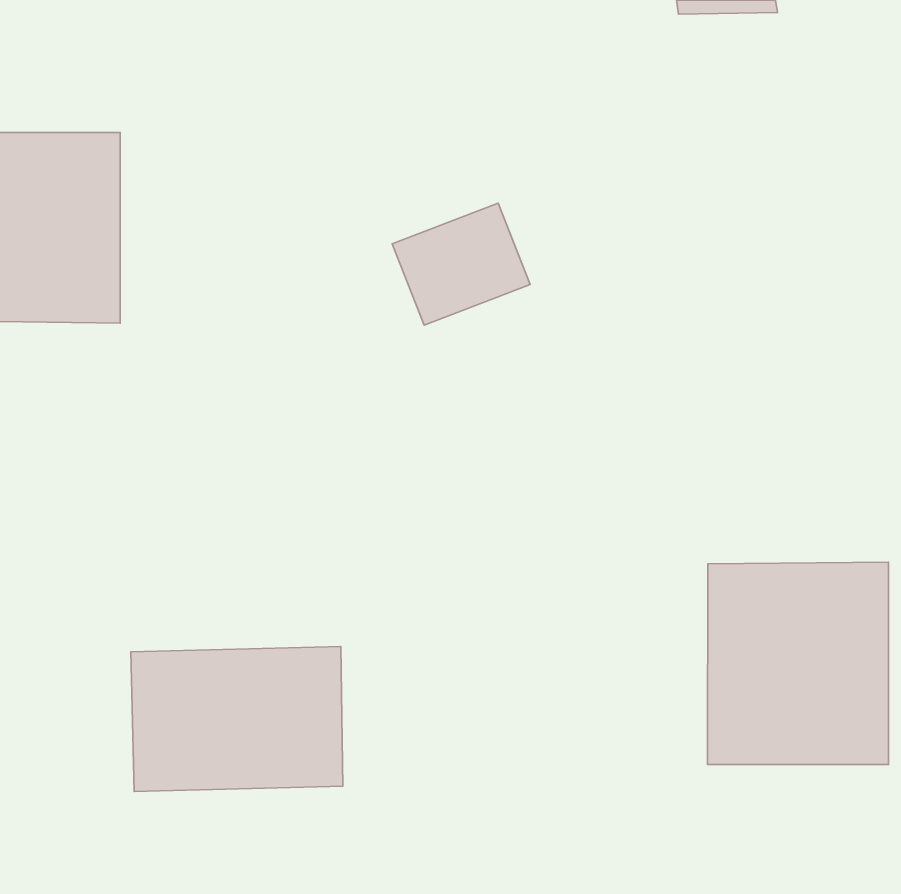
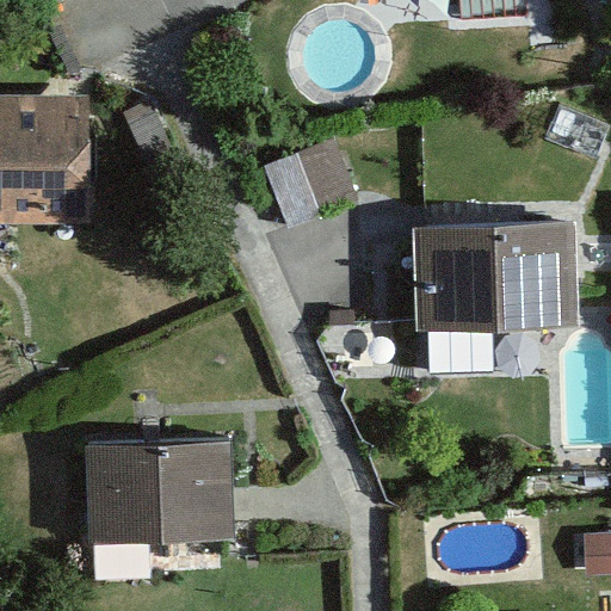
building: none -> [414,224,572,371]
building: [708,562,889,765] -> none

